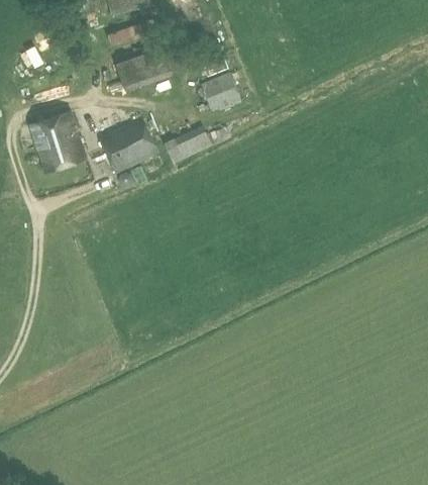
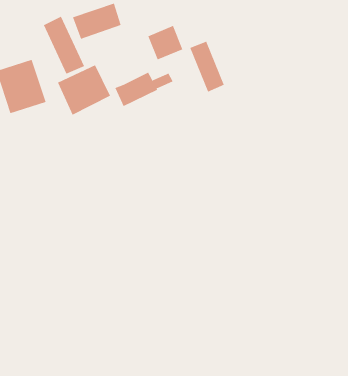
building: none -> [43,16,85,74]
building: none -> [189,41,225,92]

